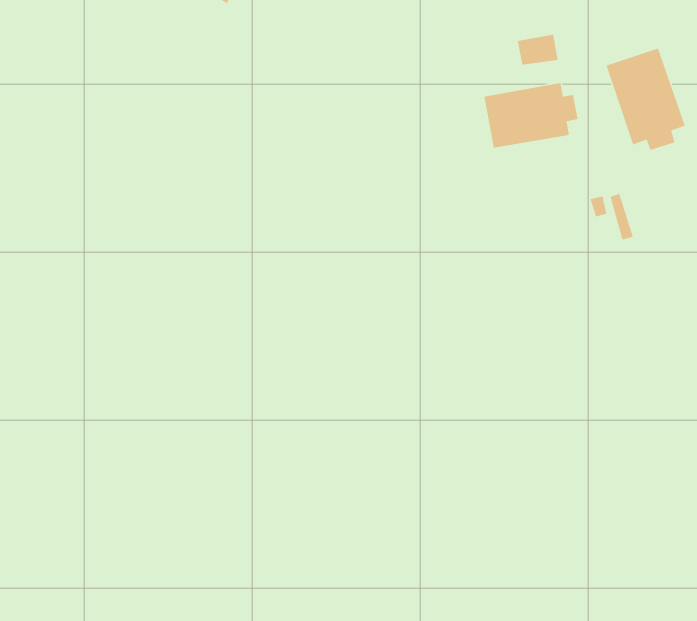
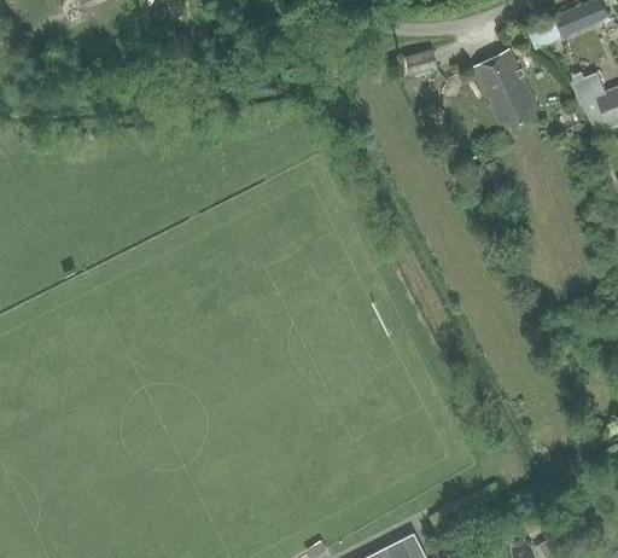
building: [484,82,579,149] -> none

